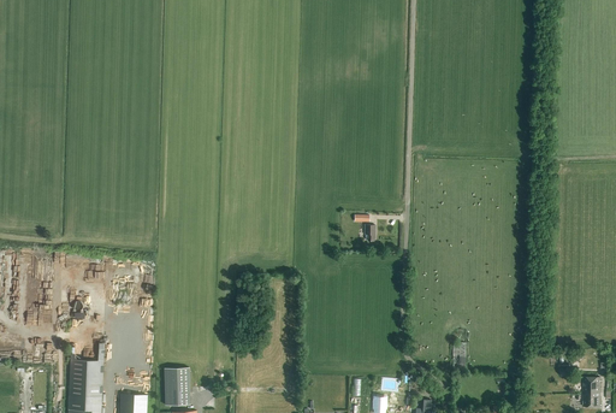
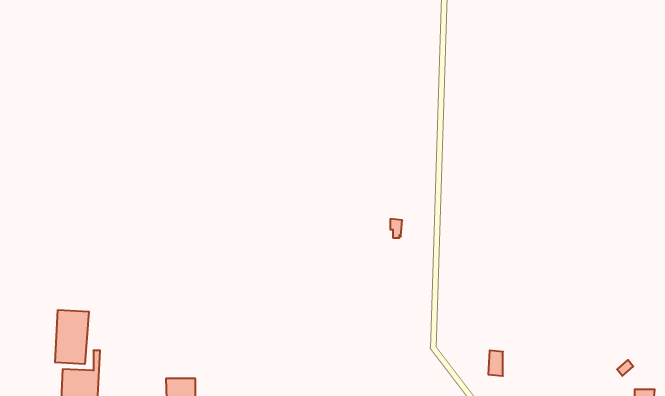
building: none -> [55,310,89,364]

